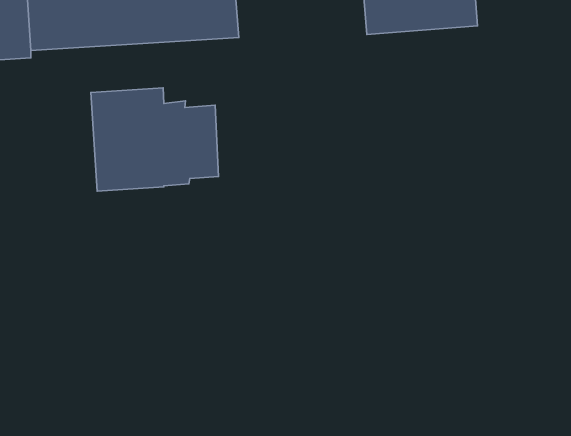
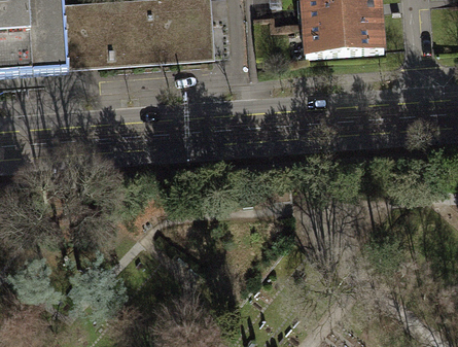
building: [91,88,219,191] -> none

